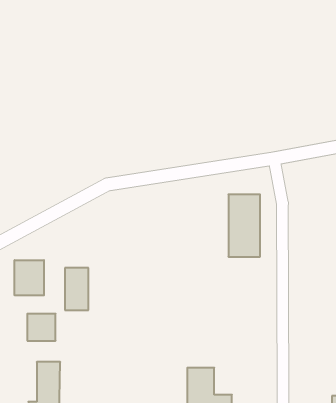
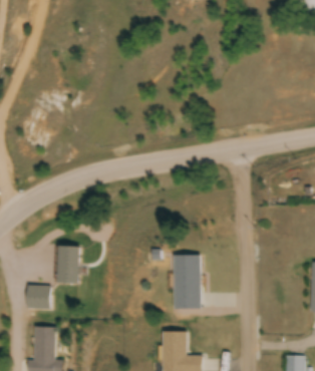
building: [228,194,260,257] -> [173,255,200,308]
building: [15,260,44,295] -> none

